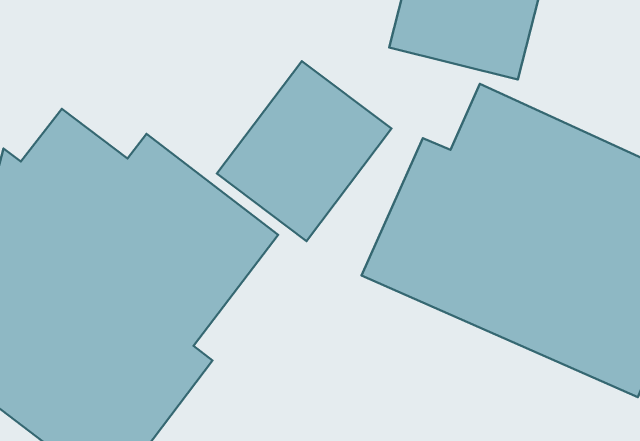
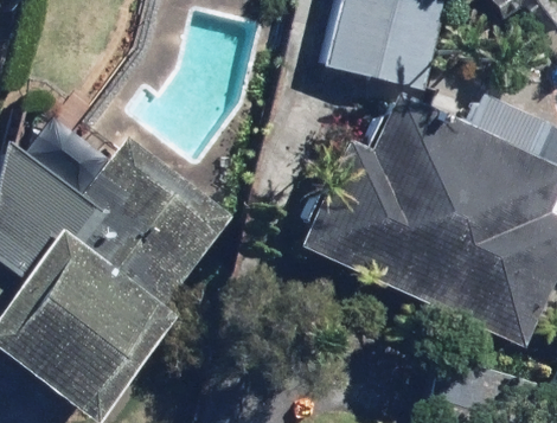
building: [217,61,392,241] -> none

